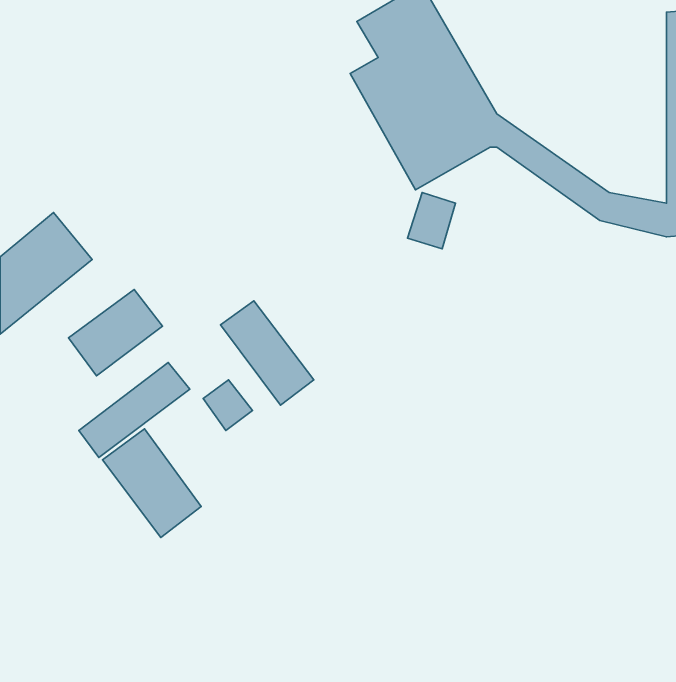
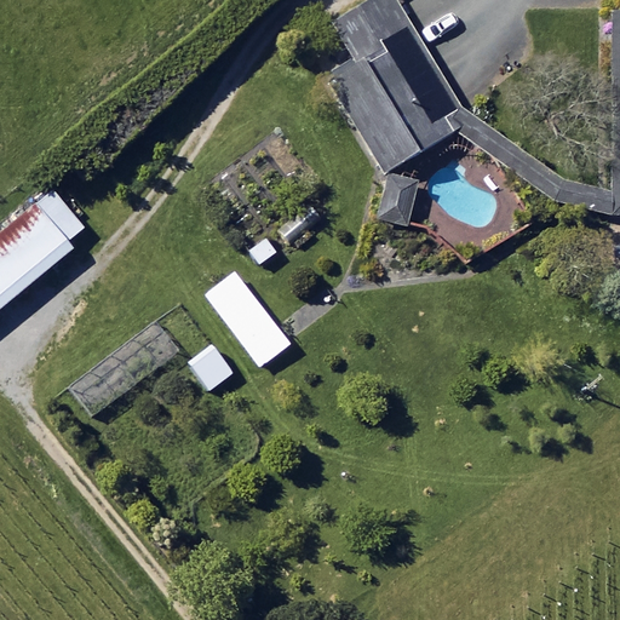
building: [68,290,162,376] -> none
building: [103,429,201,538] -> none

